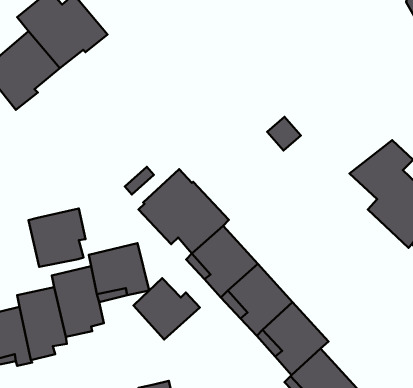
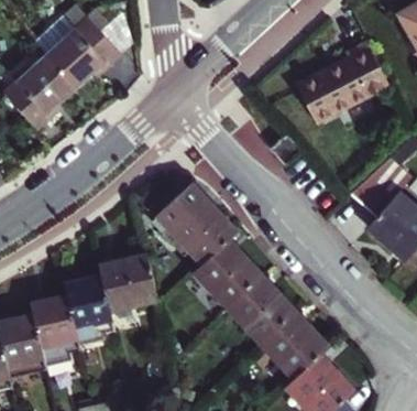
building: none -> [297,42,391,123]
building: [29,208,85,267] -> none
building: [134,278,200,339] -> none

